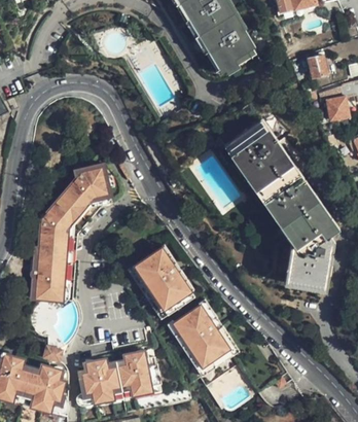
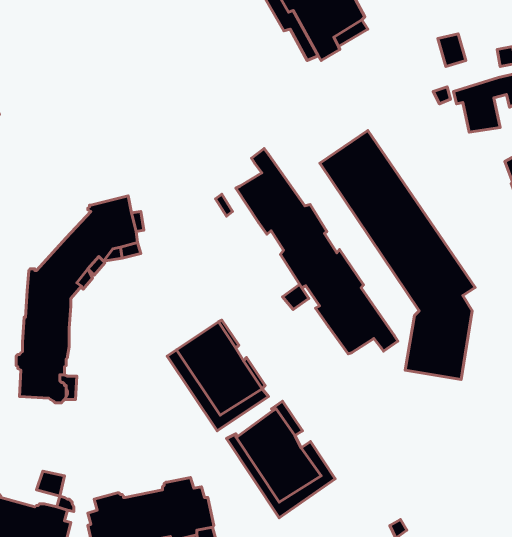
building: none -> [236,149,398,354]

